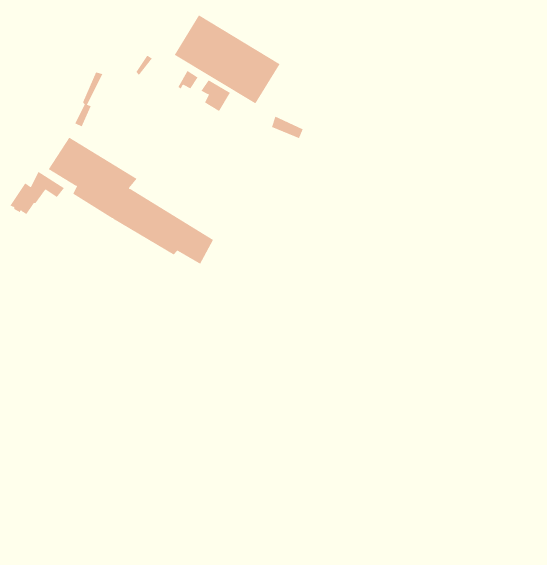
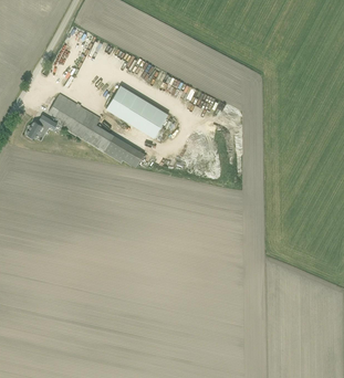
building: [174,15,281,104] -> [106,85,168,137]

